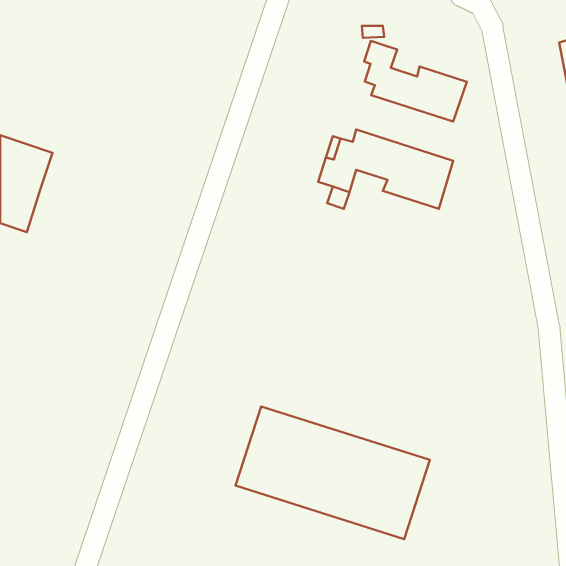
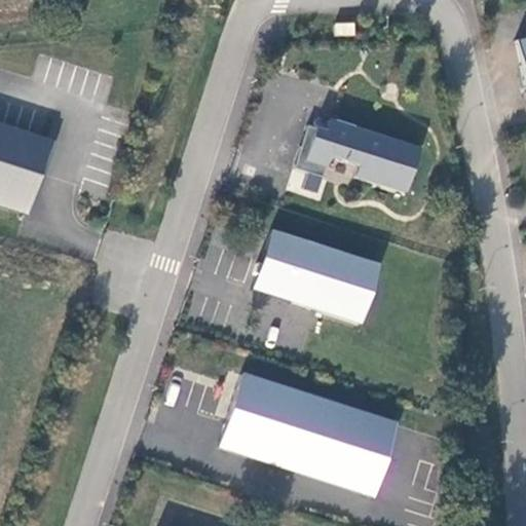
building: [364,41,467,122] -> none
building: none -> [255,230,380,324]

